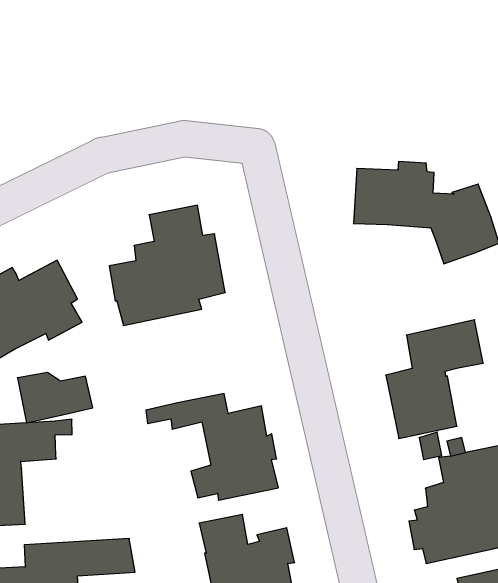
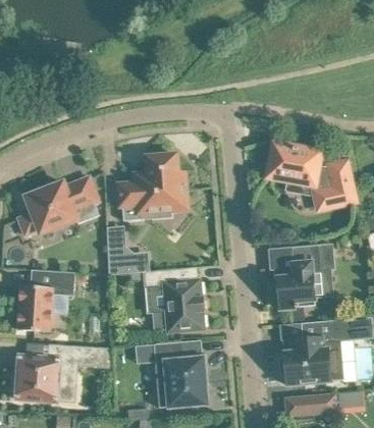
building: [17,372,93,423] -> [105,246,148,274]

